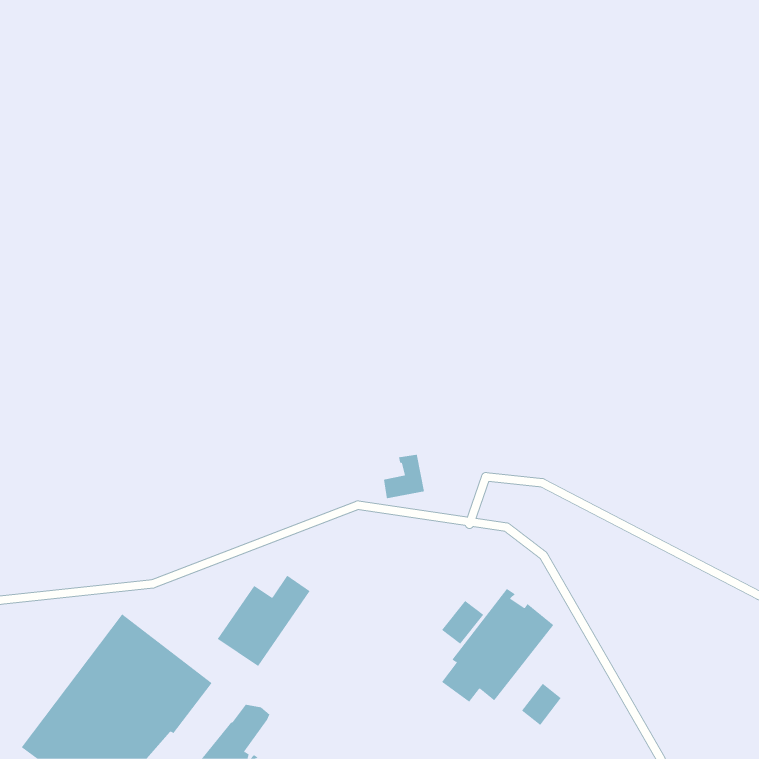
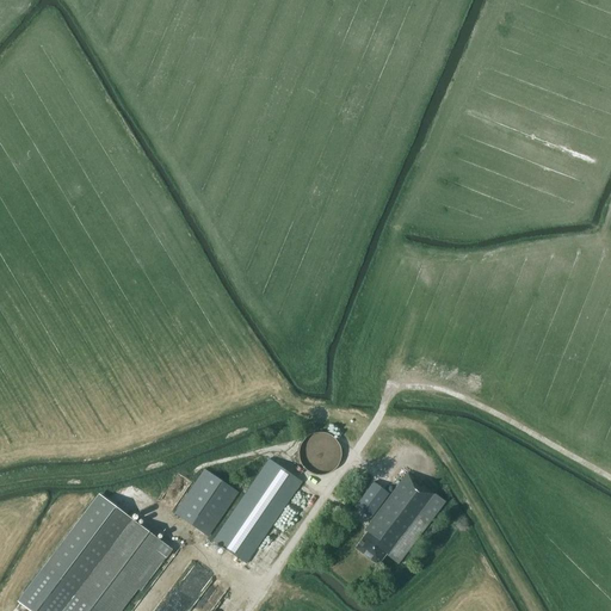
building: [383,454,425,499] -> [306,436,339,471]
building: none -> [212,459,301,563]
building: [521,683,562,726] -> none

